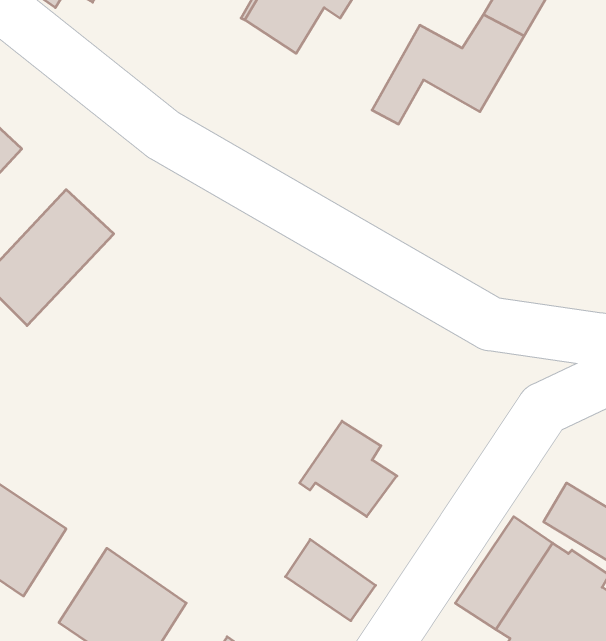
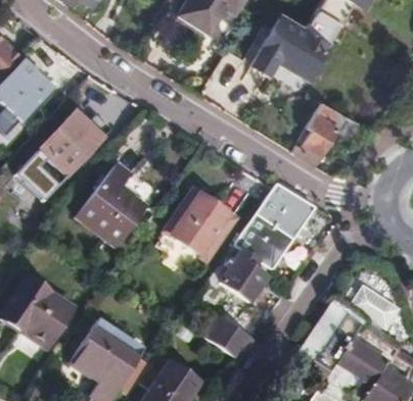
building: none -> [292,101,346,165]
building: none -> [77,162,147,246]
building: none -> [235,185,315,269]
building: none -> [165,189,234,257]

